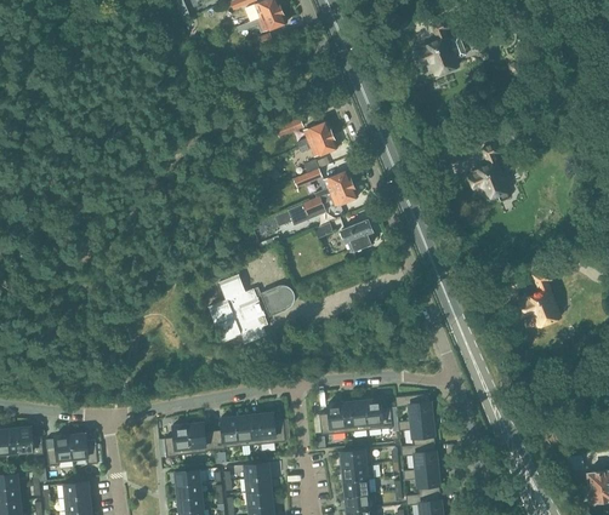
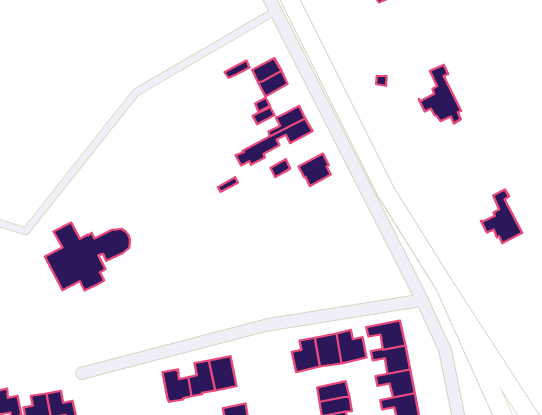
building: [207,275,294,344] -> [45,223,130,291]
building: [256,412,284,444] -> none
building: [164,423,190,457] -> none

